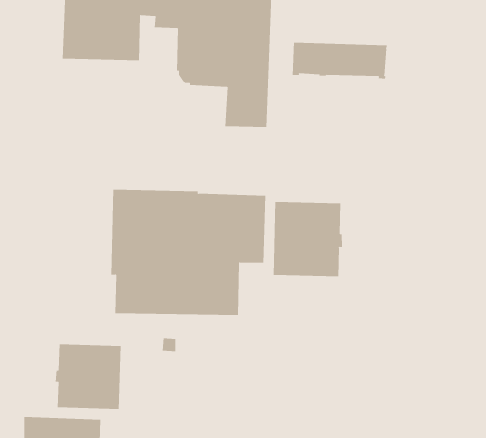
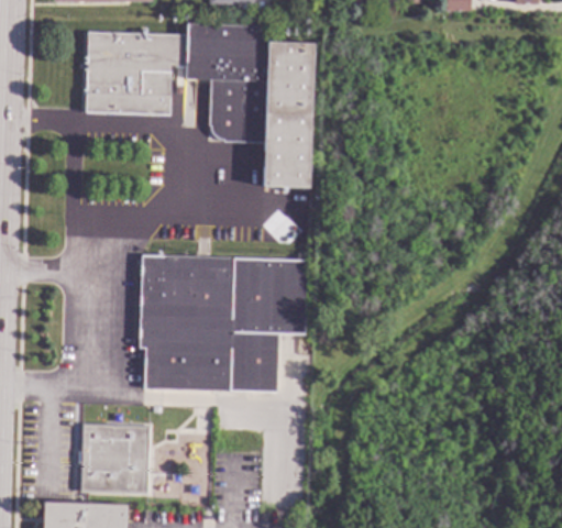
building: [292,42,387,79] -> none
building: [273,201,343,277] -> none

